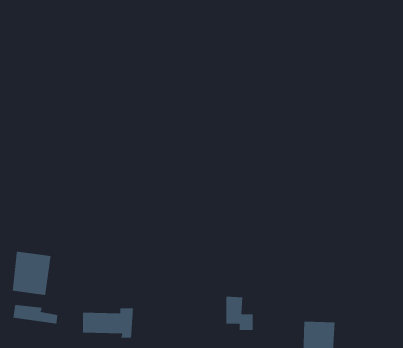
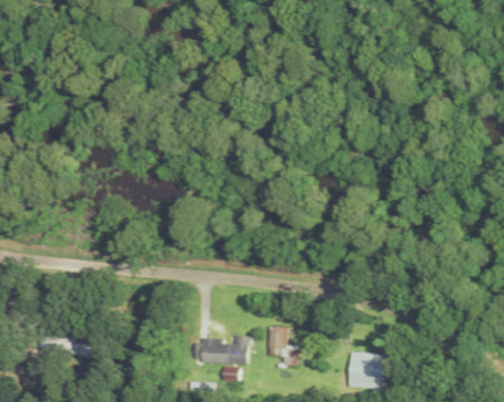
building: [12,251,51,296] -> none
building: [82,308,134,338] -> [195,335,250,367]

